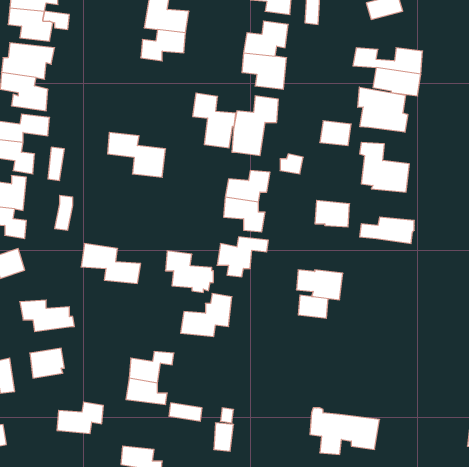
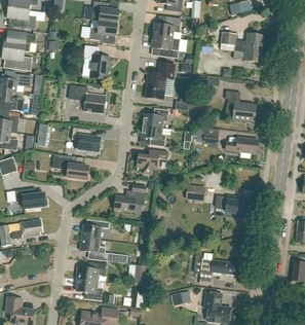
building: [358,87,408,132] -> none
building: [193,93,236,148] -> [82,44,109,78]
building: [165,251,213,292] -> [71,127,101,152]
building: [296,270,343,300] -> [215,195,243,214]
building: [57,402,103,434] -> [76,261,105,281]

